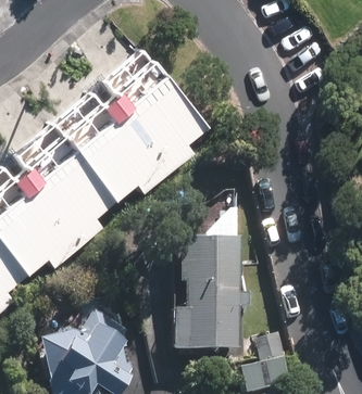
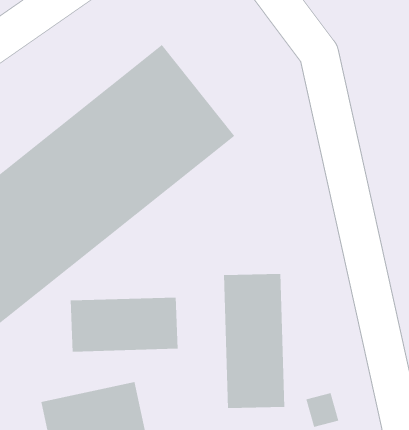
building: none -> [70,297,178,352]

